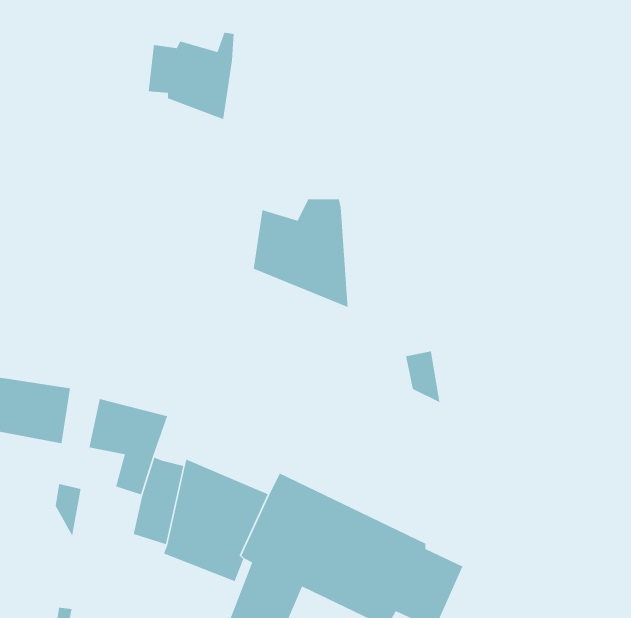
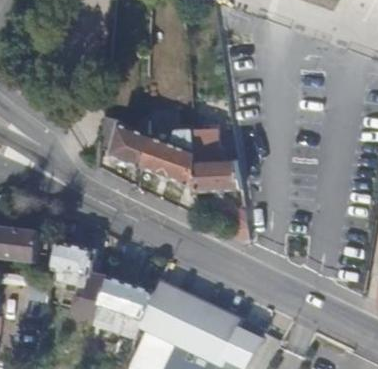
building: [148,32,234,120] -> [102,116,151,166]
building: none -> [195,130,241,192]

